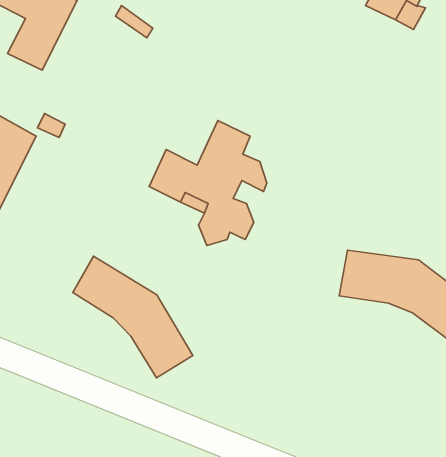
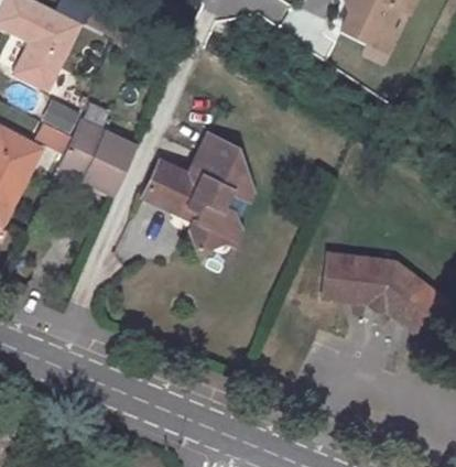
building: none -> [56,118,135,191]
building: [73,256,193,378] -> none

